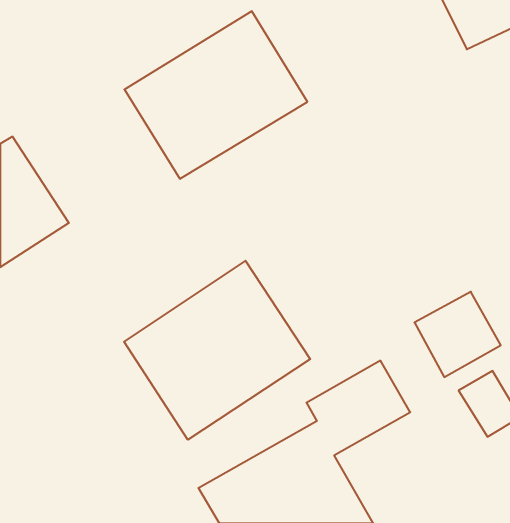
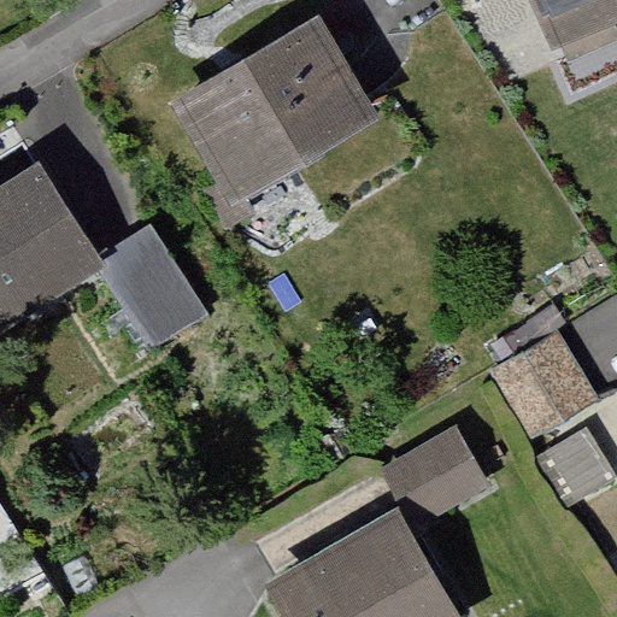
building: none -> [102,235,215,359]
building: [124,261,310,440] -> none

